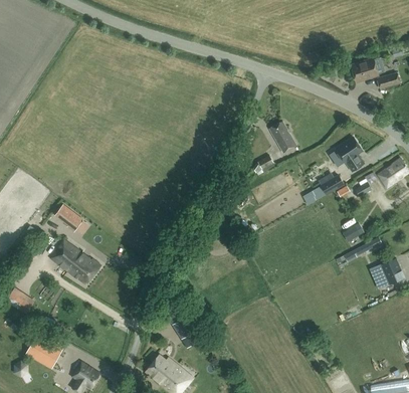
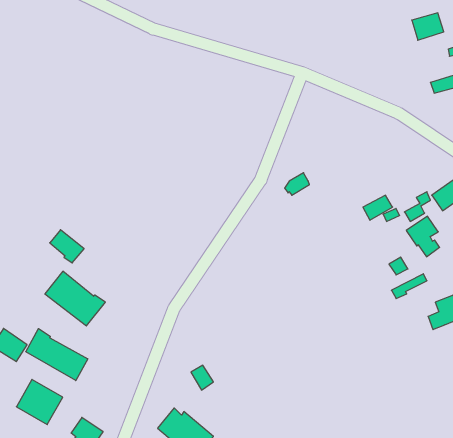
building: [350,58,377,81] -> [412,13,444,40]
building: [268,121,295,153] -> none
building: [335,137,363,171] -> [406,216,440,257]
building: none -> [26,329,88,381]

